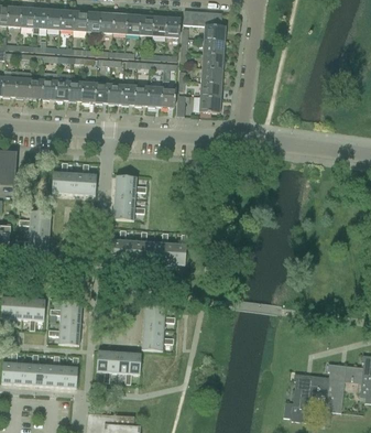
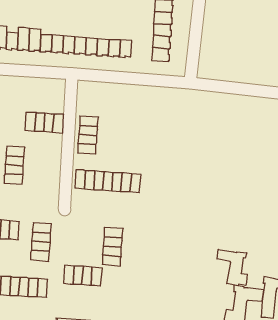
building: none -> [217,249,247,286]

